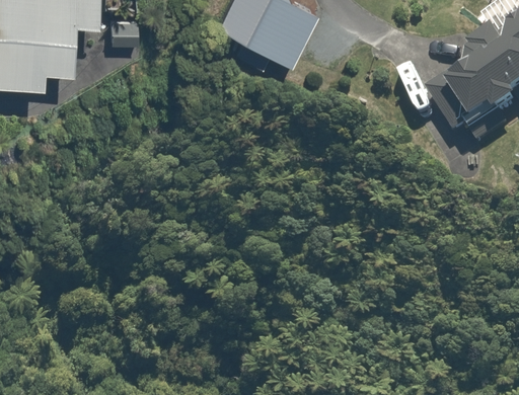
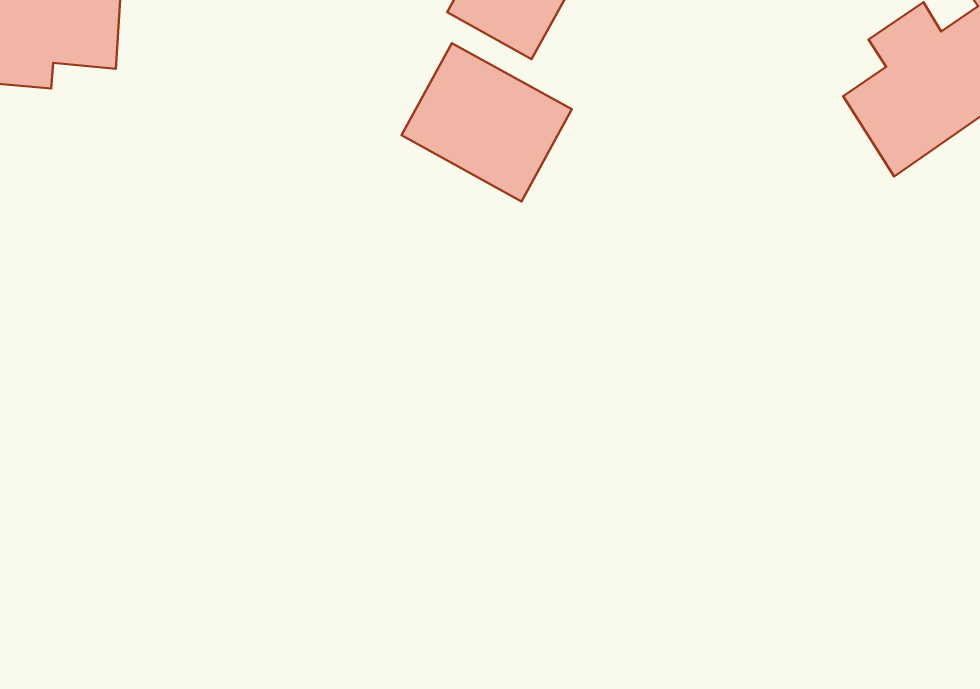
building: none -> [402,43,572,201]

